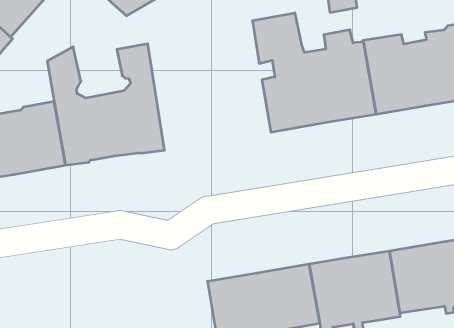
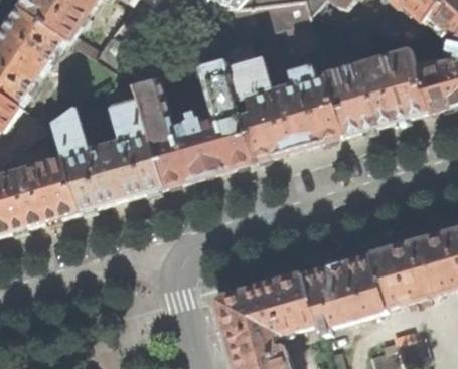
building: none -> [134,60,254,188]

